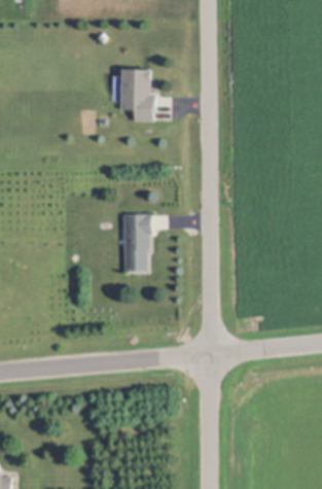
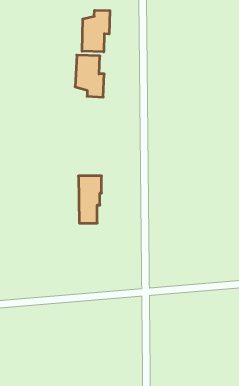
building: none -> [82,10,110,52]

